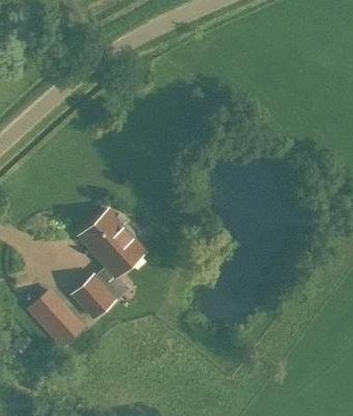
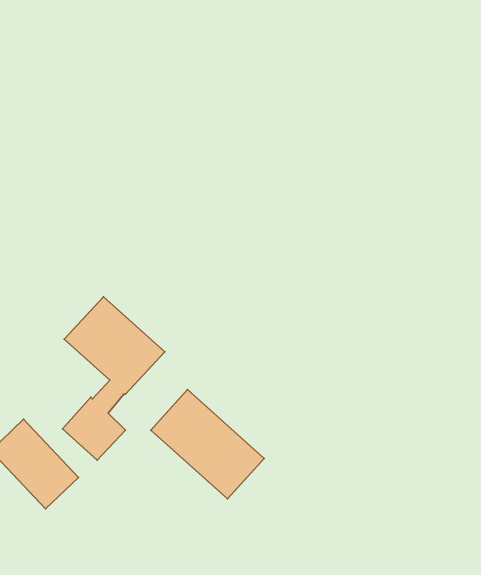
building: none -> [151,389,264,499]

